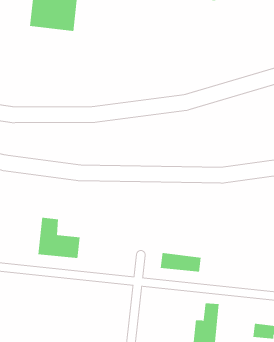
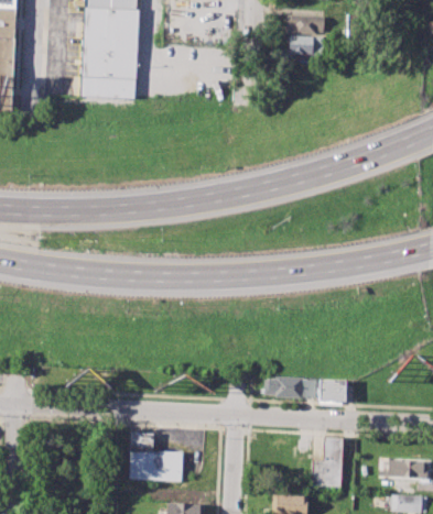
building: [38,217,80,259] -> [129,430,182,480]
building: none -> [318,379,347,401]

